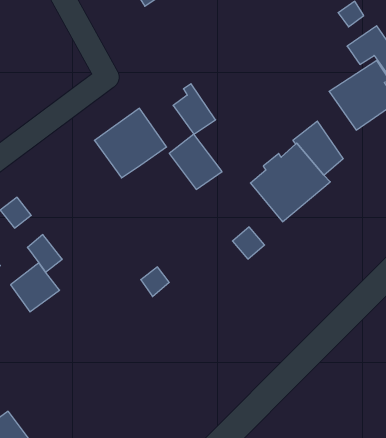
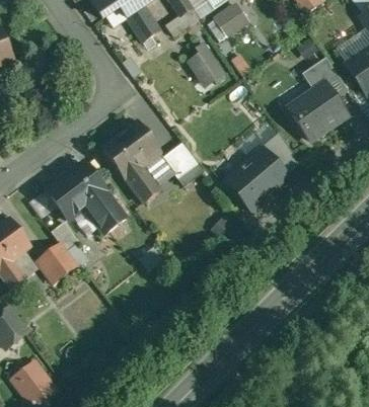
building: [173,84,216,134] -> [189,44,222,83]
building: none -> [46,161,125,233]
building: none -> [125,166,158,201]

